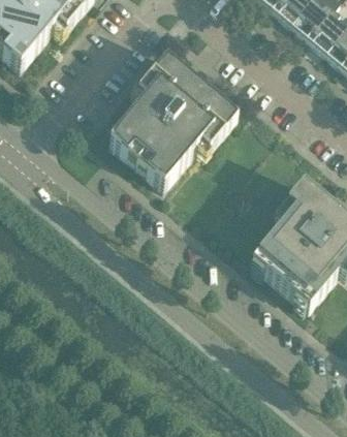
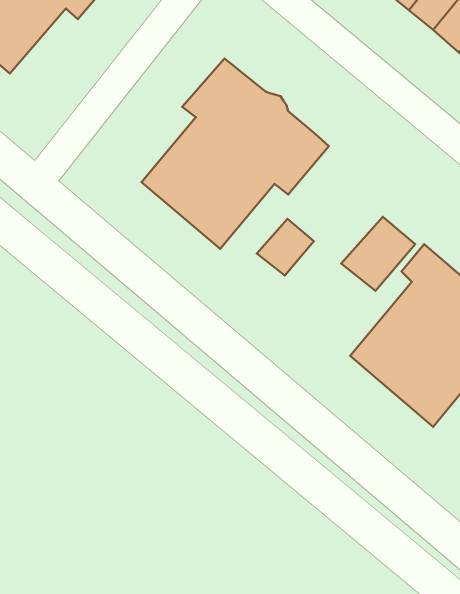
building: none -> [341,217,415,291]
building: none -> [257,219,314,275]

